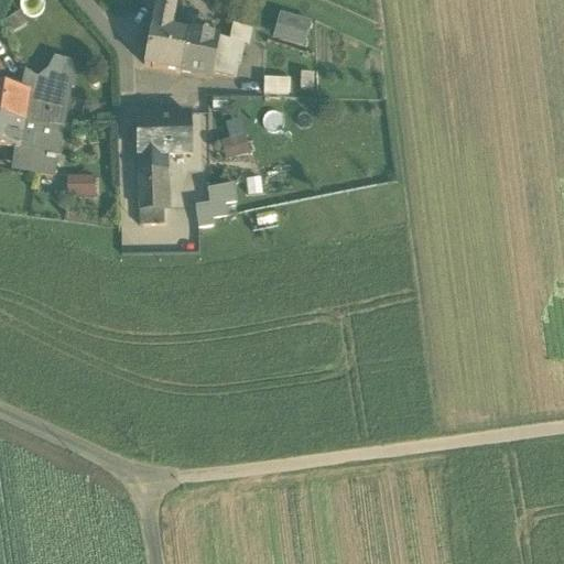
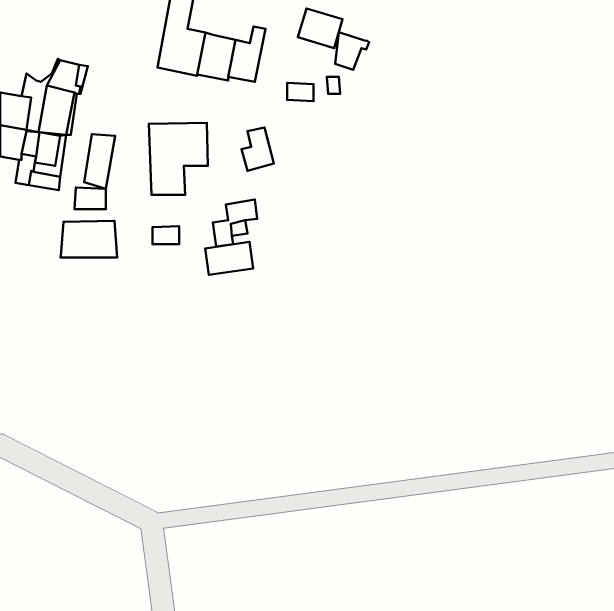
building: none -> [335,32,369,70]
building: none -> [84,134,115,189]
building: [139,178,164,208] -> none
building: none -> [61,221,117,257]
building: none -> [205,242,253,275]

